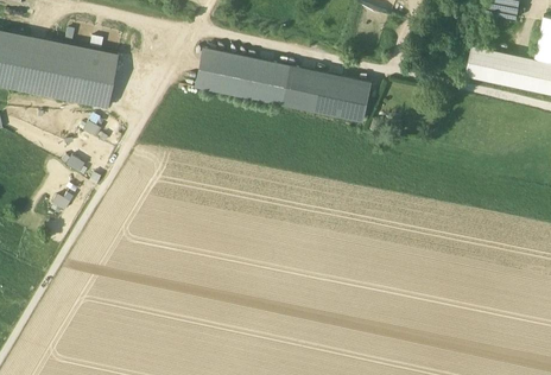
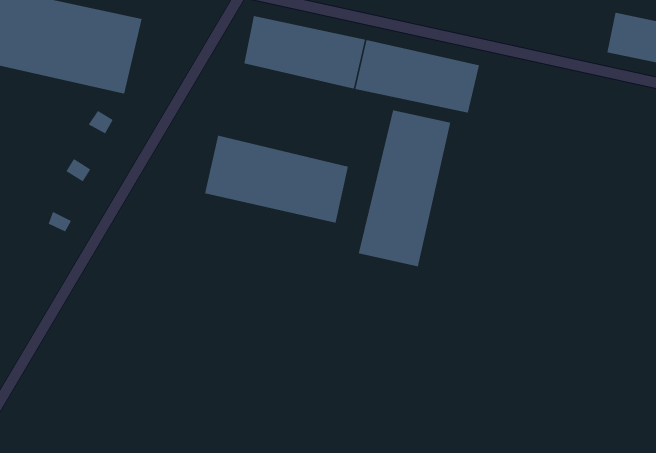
building: none -> [358,109,451,267]
building: none -> [204,135,348,224]

